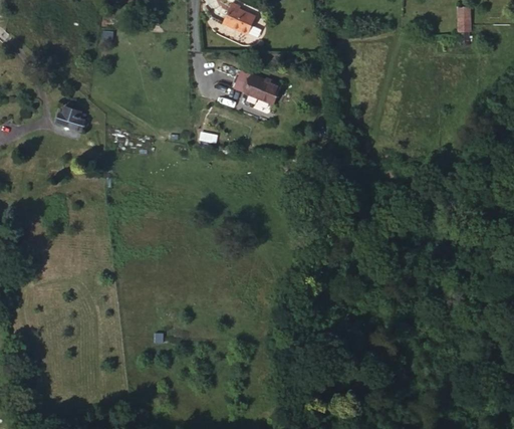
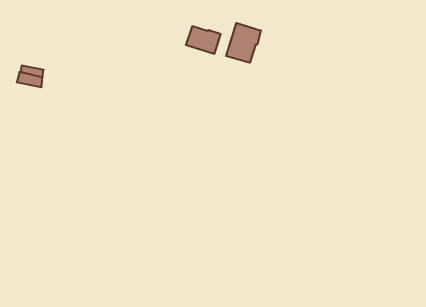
building: none -> [226,23,261,63]

